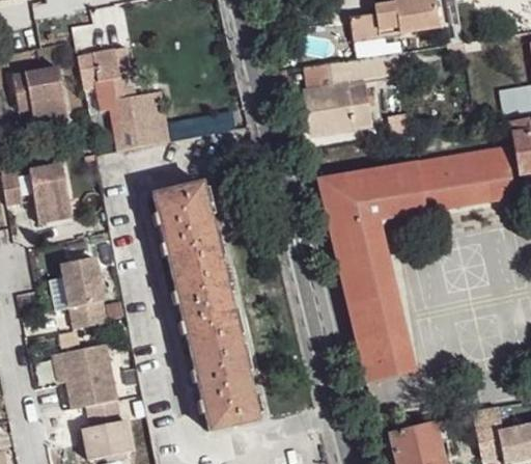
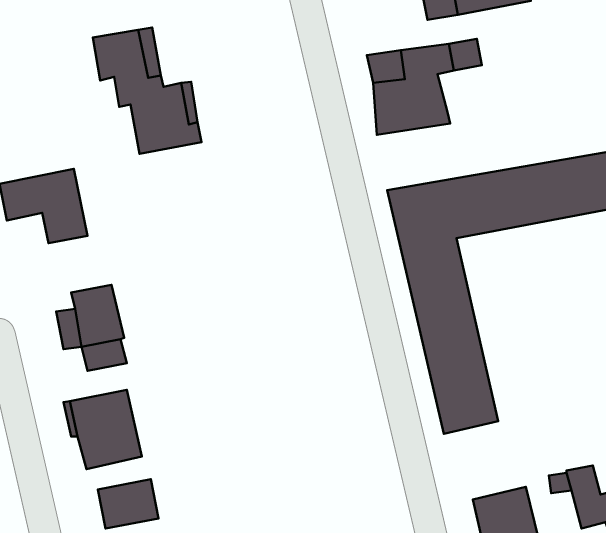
building: [13,67,69,129] -> none
building: [152,182,258,430] -> none

